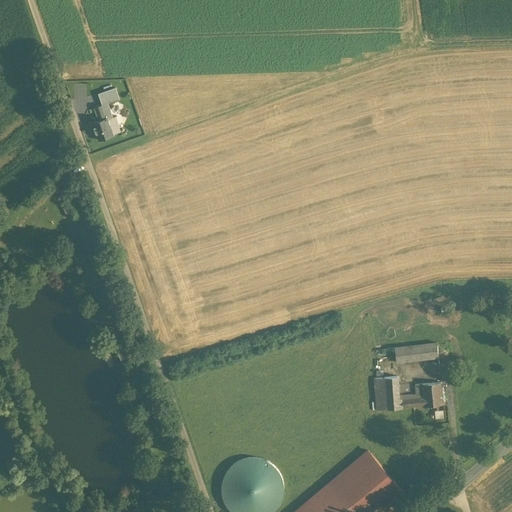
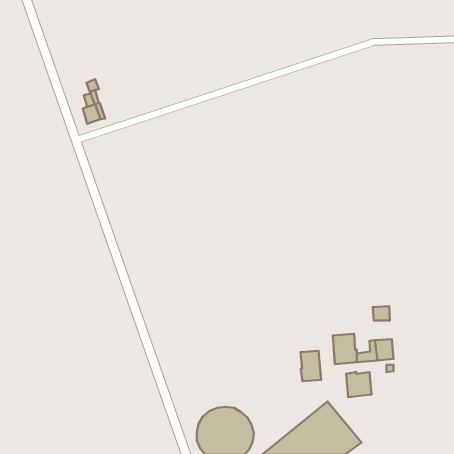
building: [395,346,420,363] -> none
building: none -> [301,351,321,381]
building: none -> [346,372,371,397]

